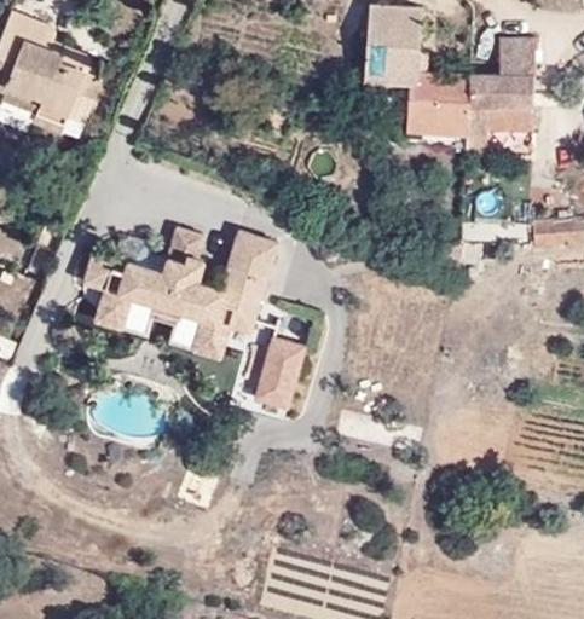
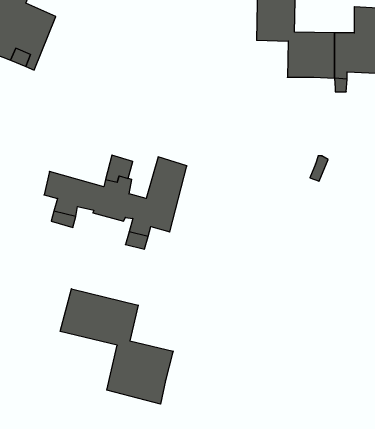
building: [250,345,303,418] -> none
building: none -> [60,289,173,404]

